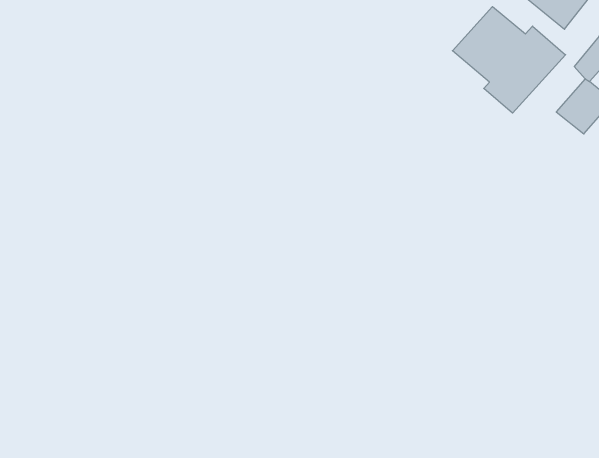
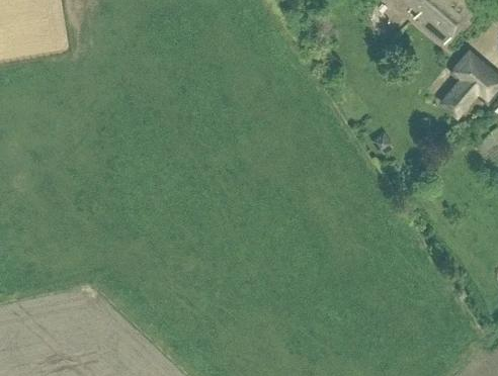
building: [452,7,566,113] -> none

